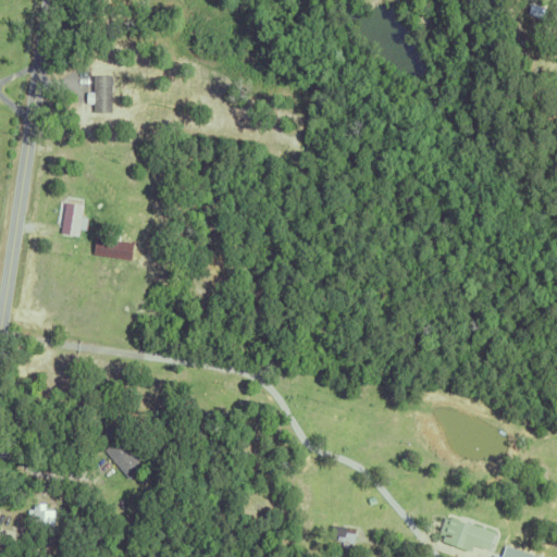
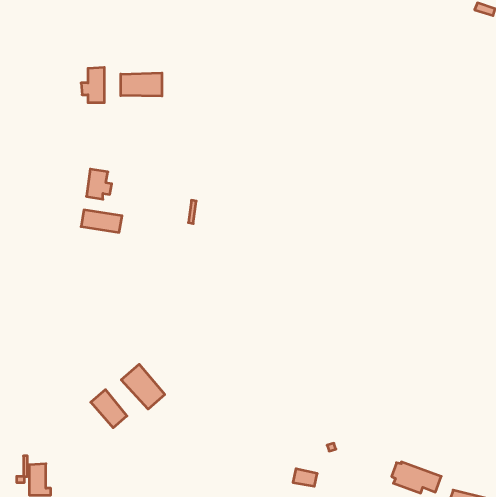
building: none -> [121,73,162,96]
building: [60,201,88,235] -> [86,169,112,199]
building: none -> [121,364,165,409]

